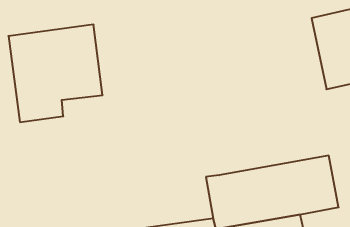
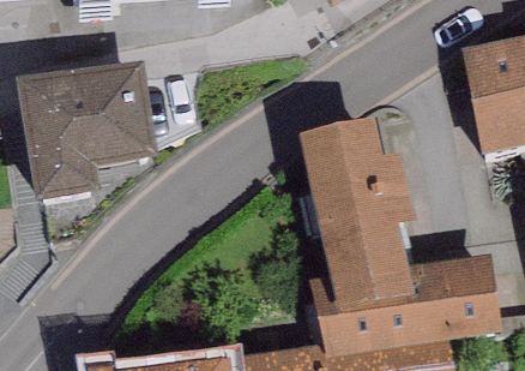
building: none -> [300,121,414,281]

